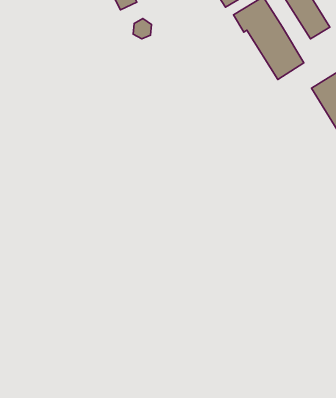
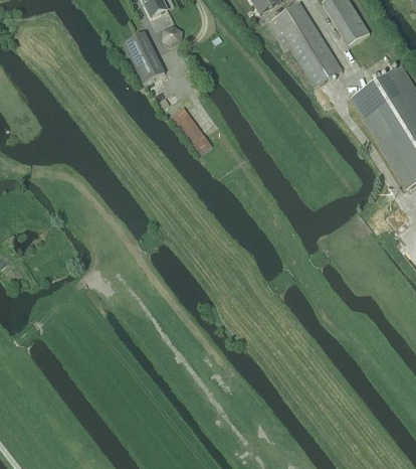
building: none -> [123,30,164,82]
building: none -> [171,106,212,153]

